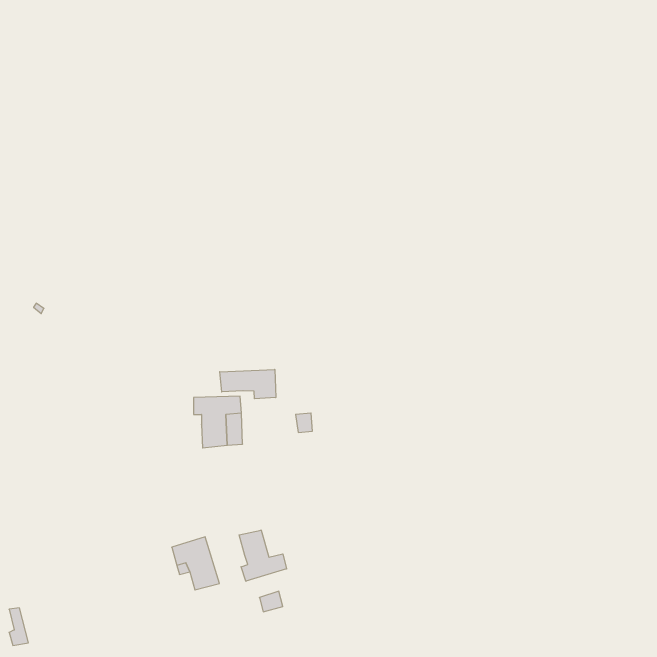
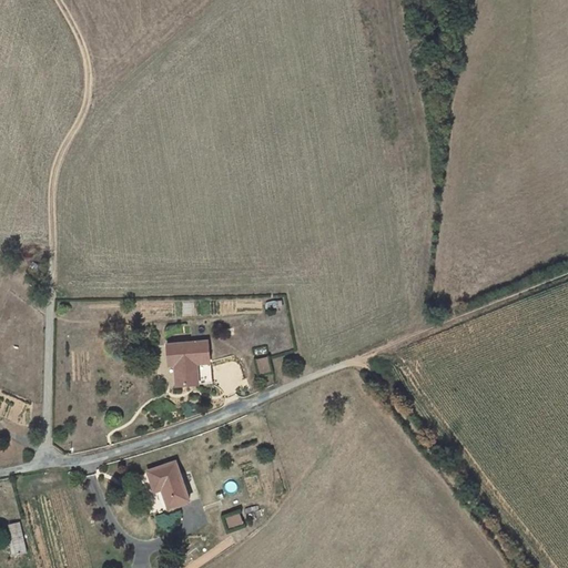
building: [220,369,276,399] -> none
building: [239,530,287,581] -> none

